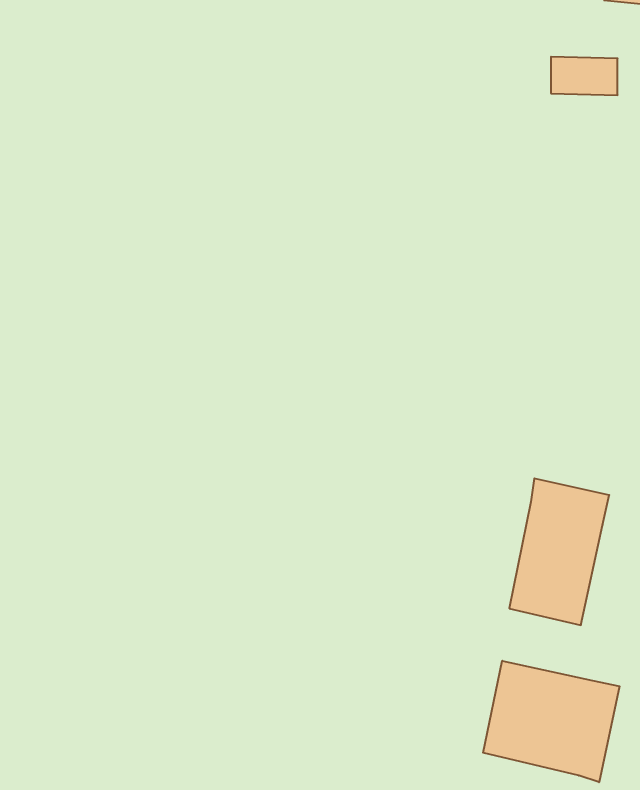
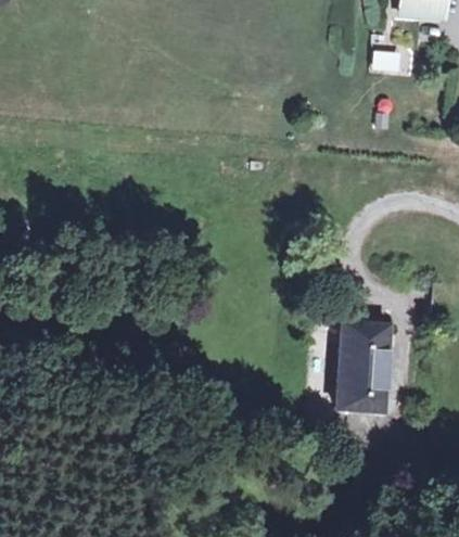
building: [483,661,620,782] -> none

